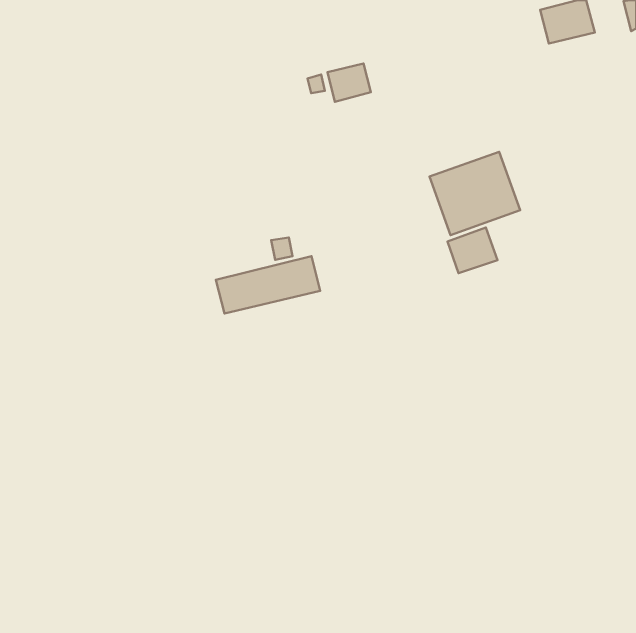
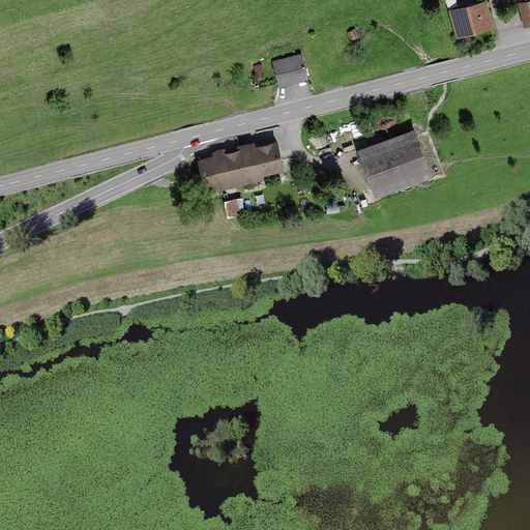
building: [447,227,497,273] -> none
building: [216,256,320,313] -> [198,141,285,188]

